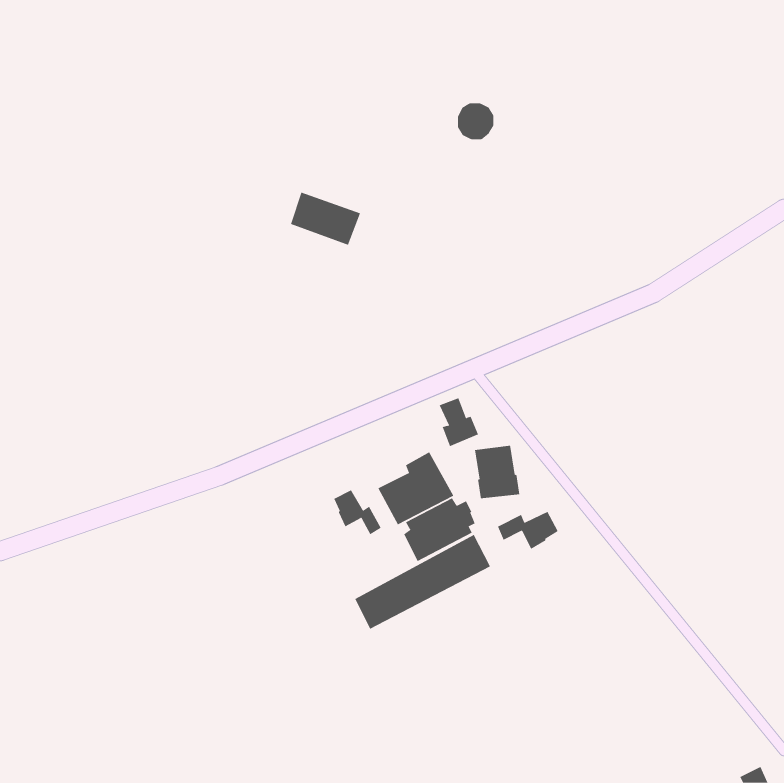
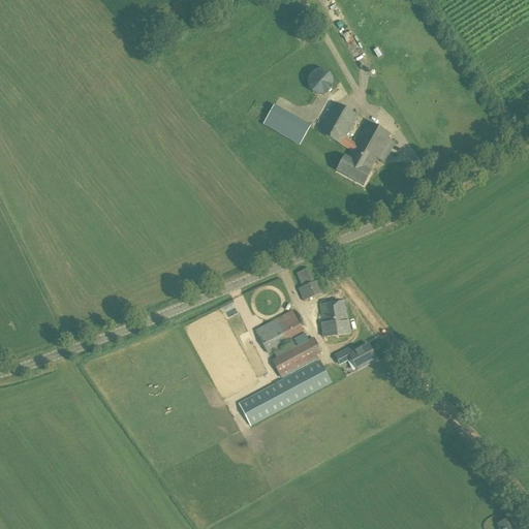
building: none -> [317,101,395,185]
building: [290,192,361,246] -> [268,106,315,143]
building: [334,490,382,535] -> none

